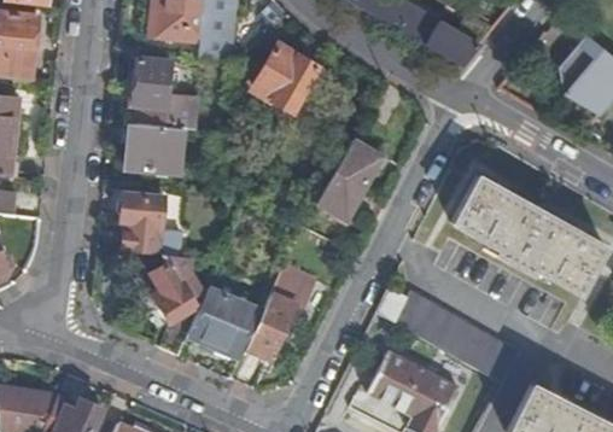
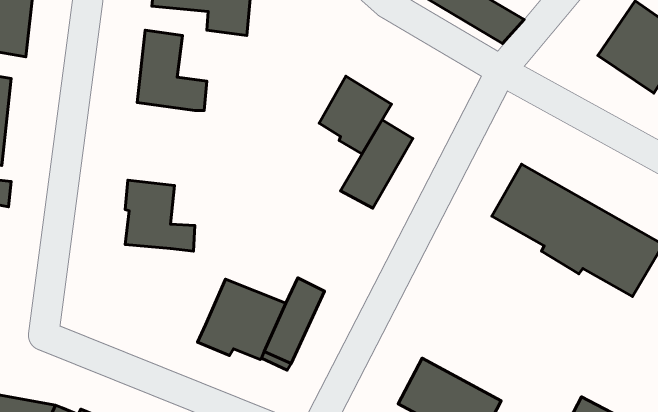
building: [255,41,320,111] -> [319,76,391,154]
building: [128,122,185,174] -> none
building: [151,253,208,350] -> none
building: [379,288,520,385] -> none

